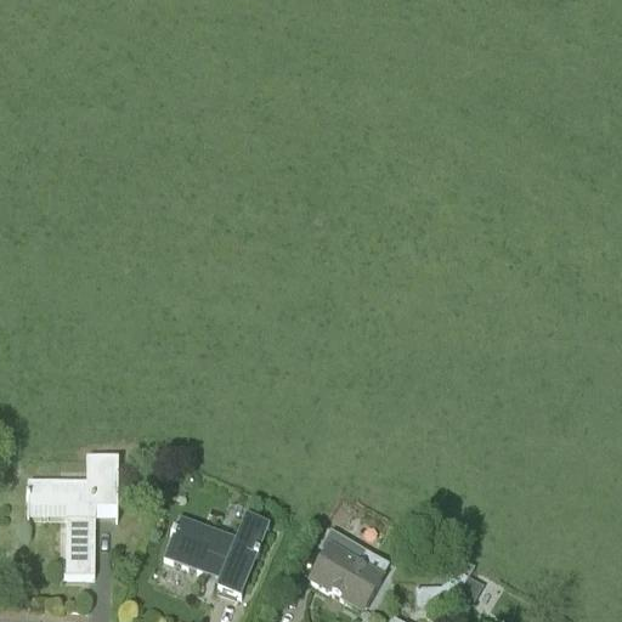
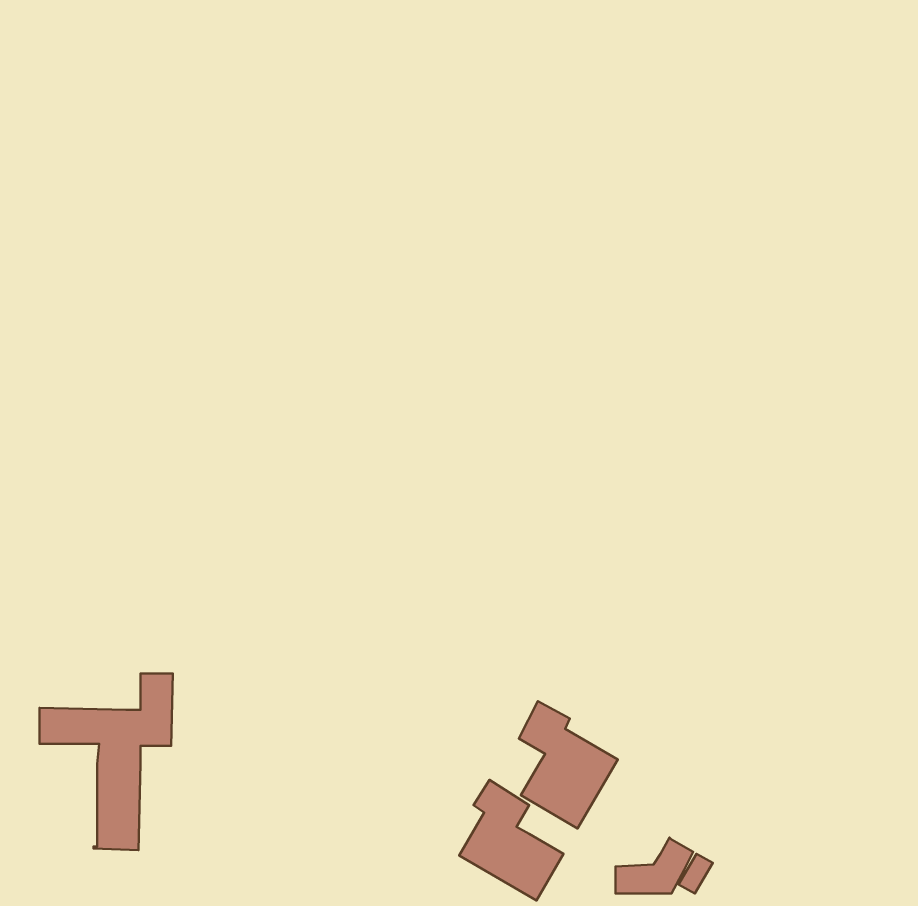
building: none -> [519,701,618,828]
building: [164,515,266,595] -> none

